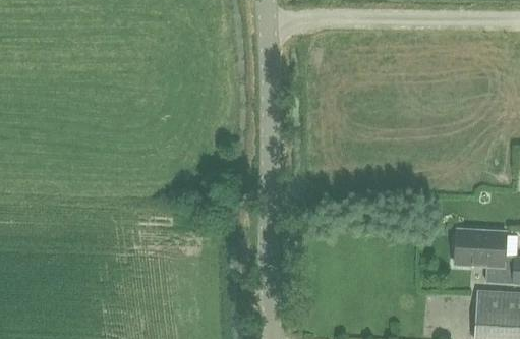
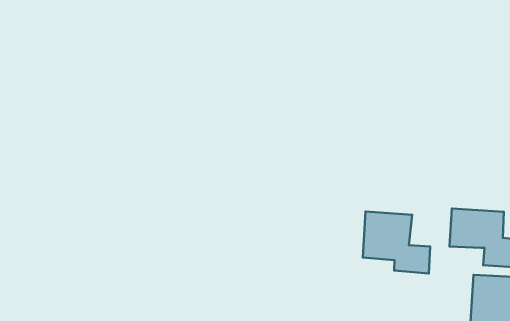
building: none -> [363,212,430,273]

